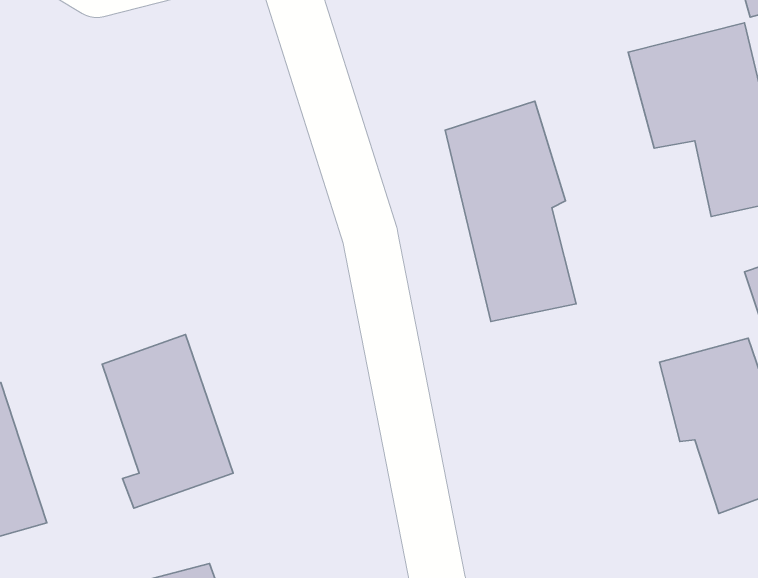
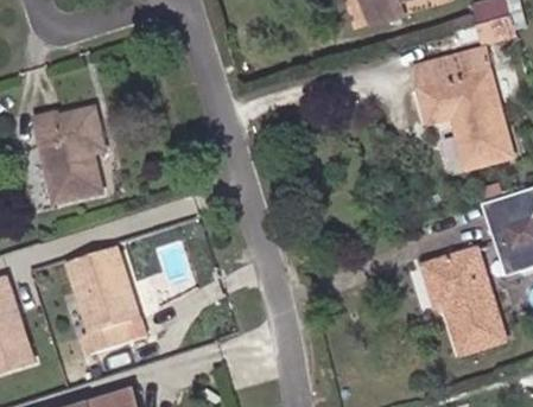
building: [445,101,576,321] -> none
building: none -> [27,104,104,205]

